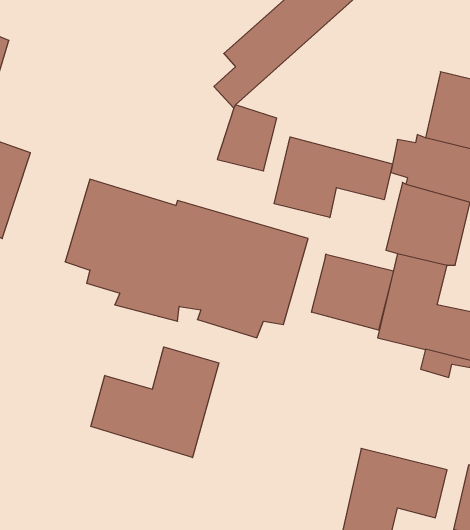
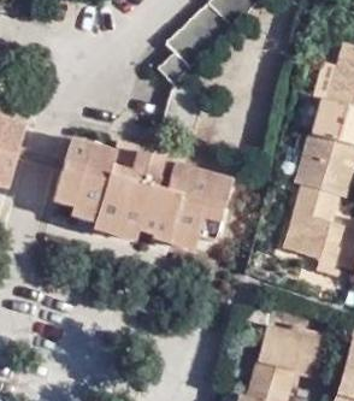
building: [274,137,393,218] -> none
building: [312,254,393,330] -> none
building: [91,347,219,458] -> none

